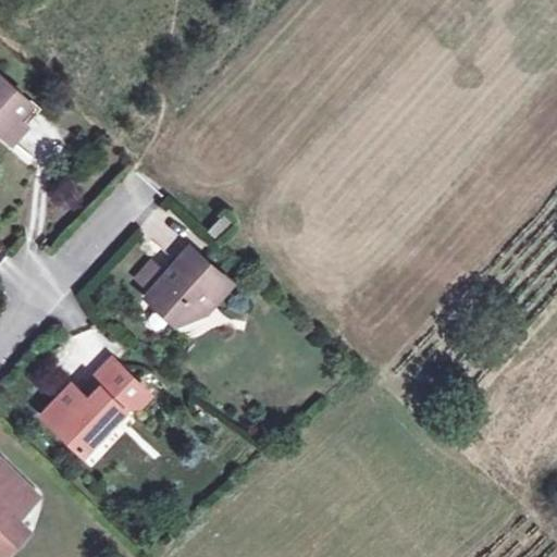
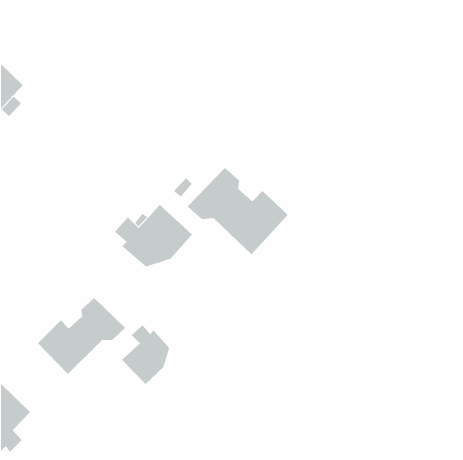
building: none -> [187,167,288,255]
building: none -> [121,324,170,385]

